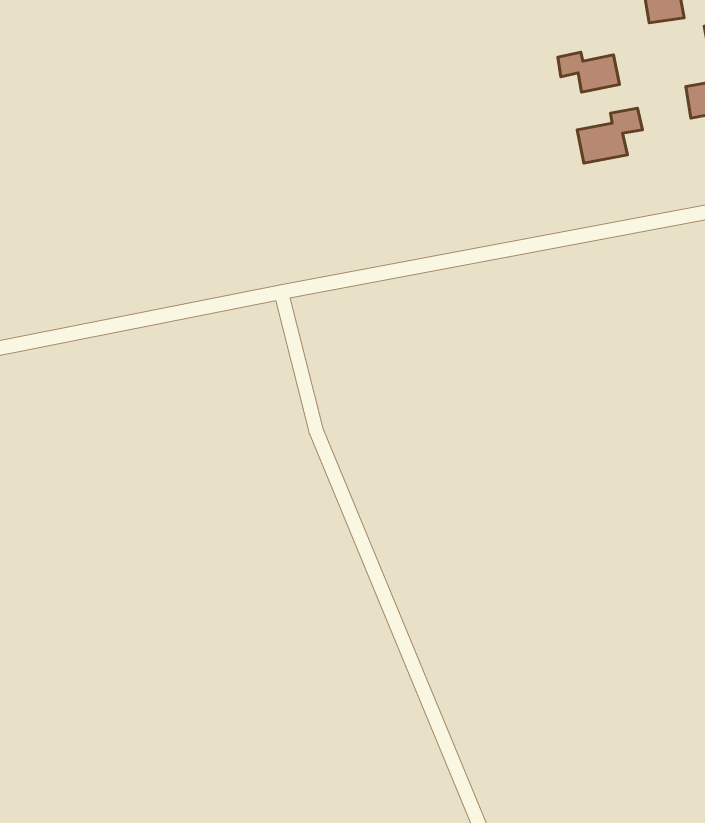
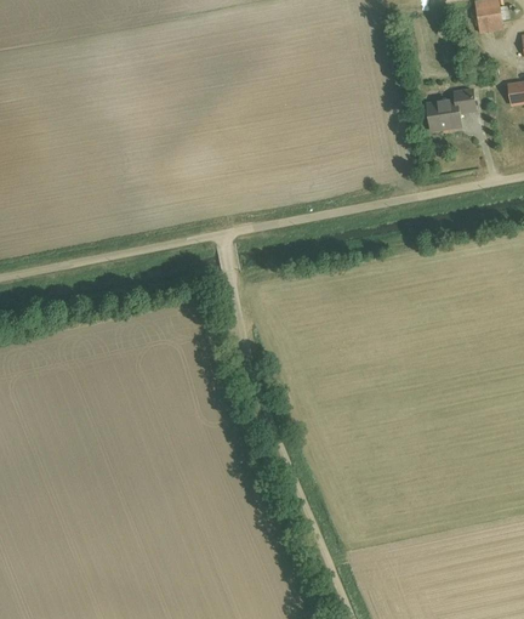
building: [558,52,619,92] -> none

